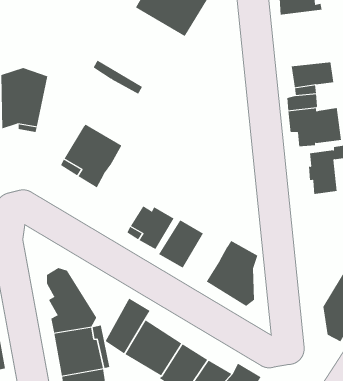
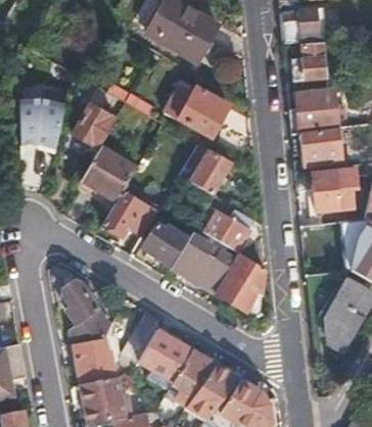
building: none -> [292,43,329,80]
building: none -> [165,88,230,144]
building: none -> [73,101,118,147]
building: none -> [188,150,230,195]
building: none -> [102,192,161,235]
building: none -> [203,203,252,251]
building: none -> [194,248,235,293]

